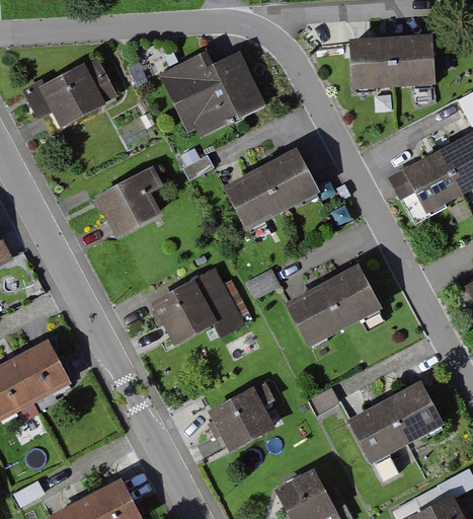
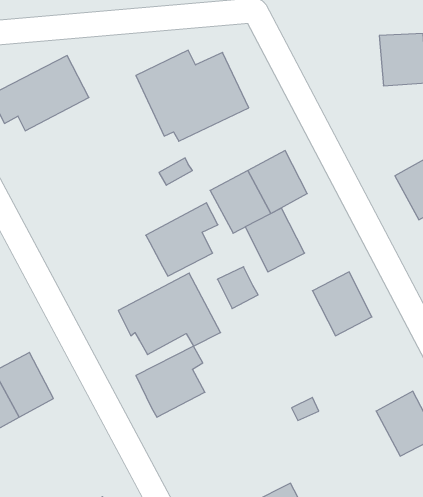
building: [350,36,396,88] -> none
building: [85,165,155,236] -> [146,203,218,276]
building: [292,284,349,346] -> [245,208,305,272]
building: [201,382,267,451] -> [136,346,205,417]
building: [352,400,412,463] -> none

